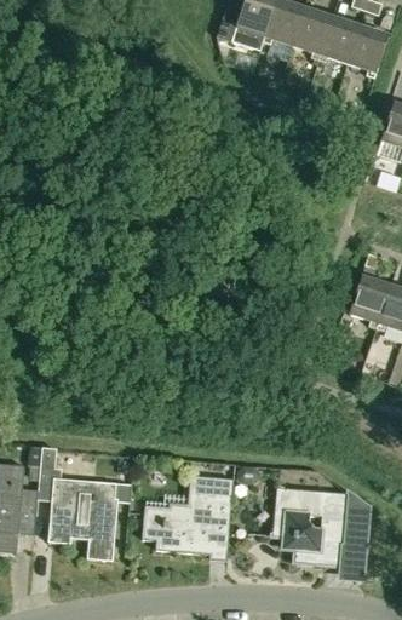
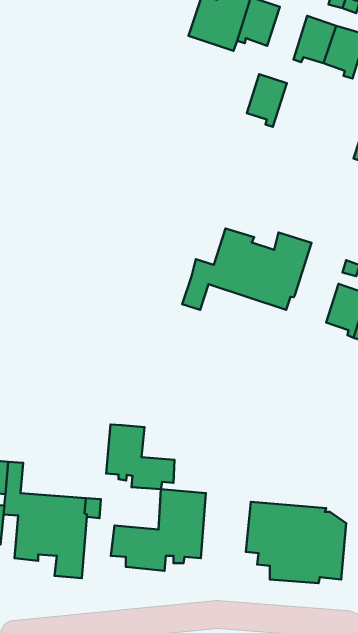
building: [293,7,332,58] -> [247,74,287,127]
building: none -> [182,228,312,310]
building: none -> [106,424,174,489]

